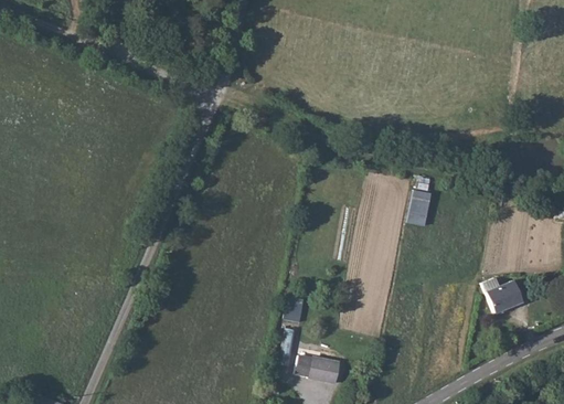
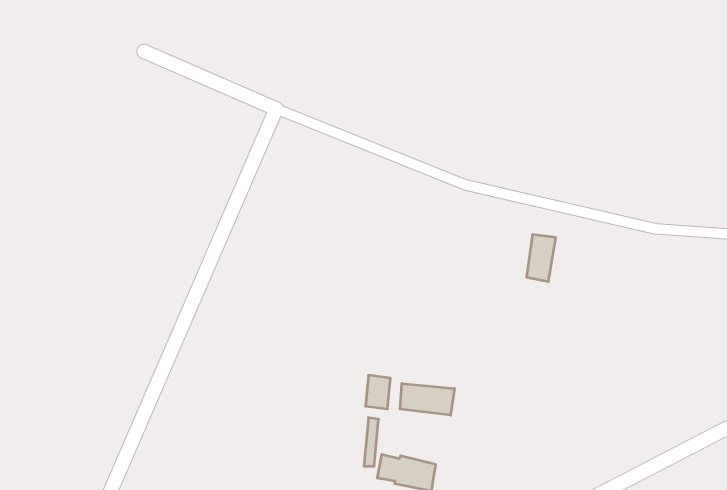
building: [482,278,522,313] -> none
building: none -> [400,383,454,415]

